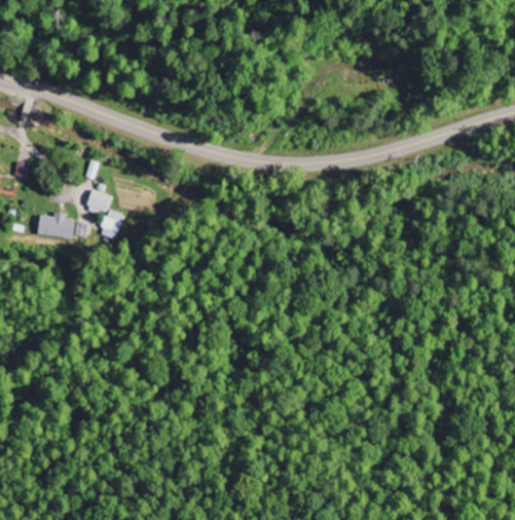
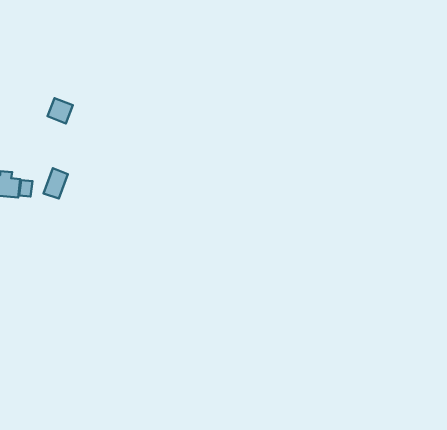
building: [86,188,112,214] -> [47,98,73,123]

